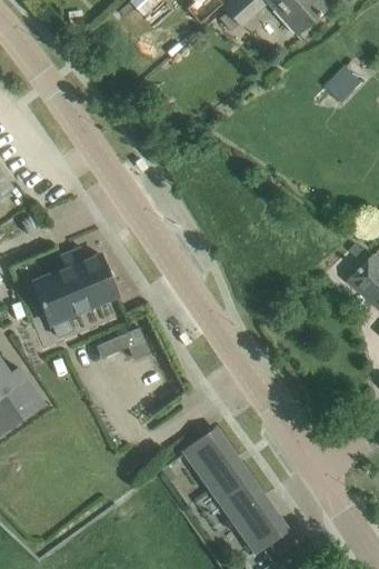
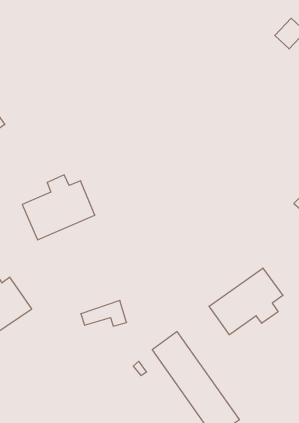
building: [97,327,150,357] -> [81,300,127,326]
building: none -> [209,268,283,335]

